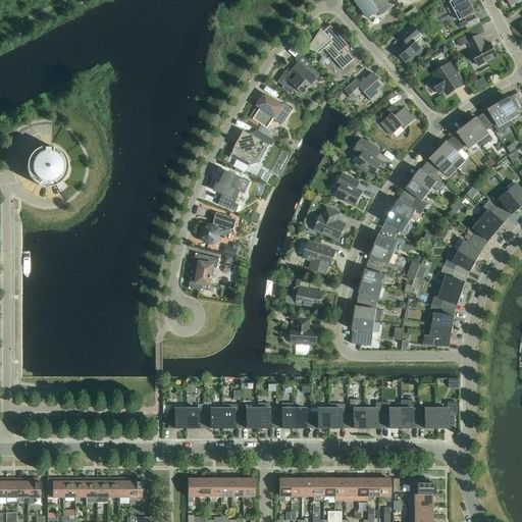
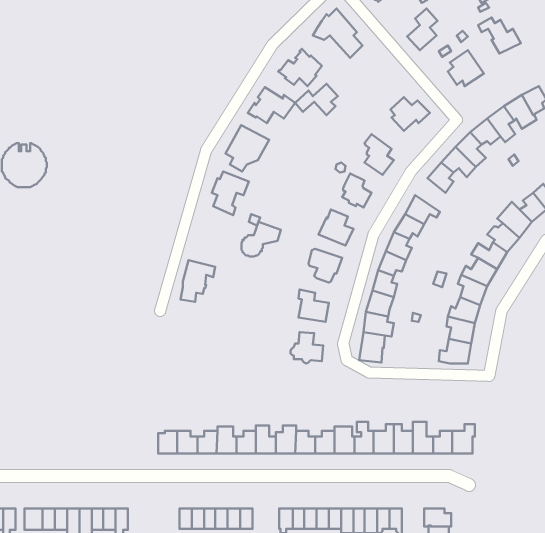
building: [344,72,382,101] -> [295,84,338,115]
building: [401,177,428,208] -> none
building: [200,211,236,243] -> [242,222,281,257]

